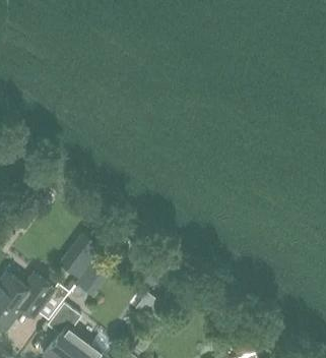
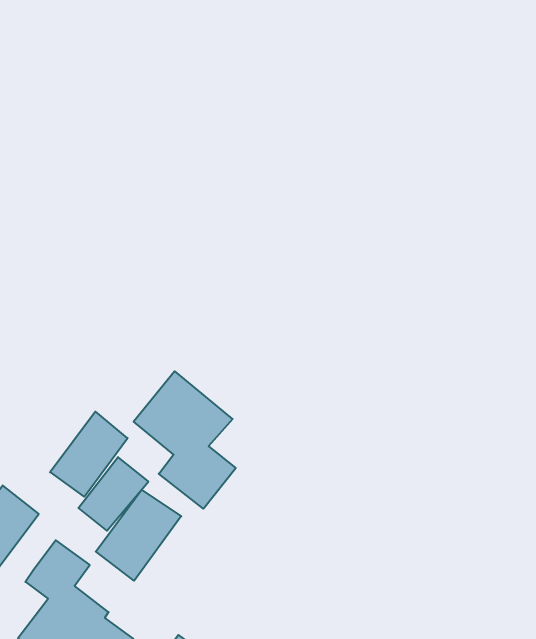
building: none -> [134,371,236,509]
building: none -> [96,490,181,581]

